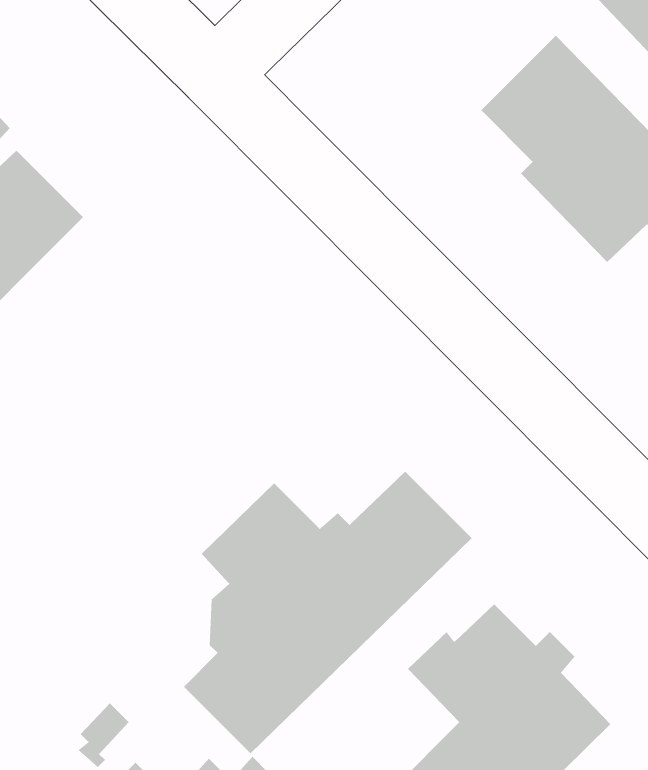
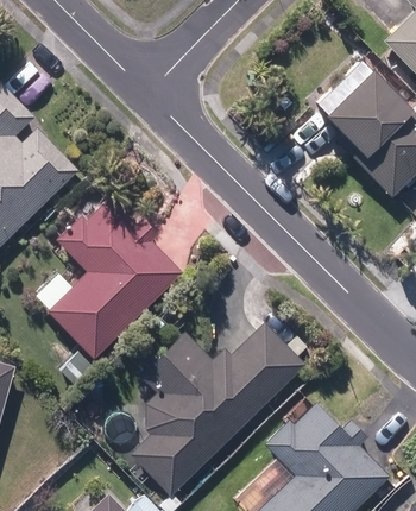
building: none -> [51,200,183,358]

